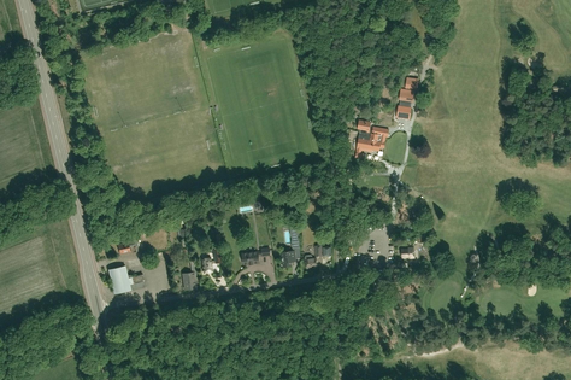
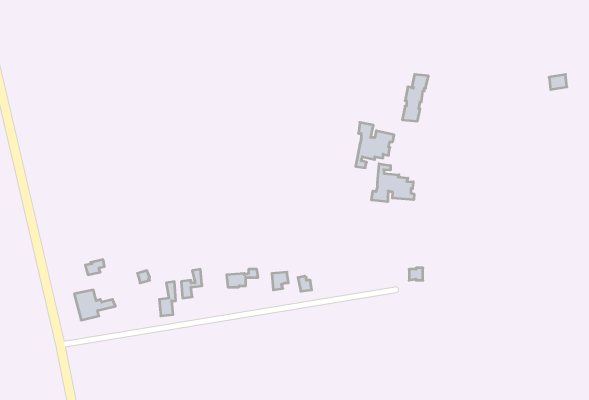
building: none -> [371,164,414,202]

